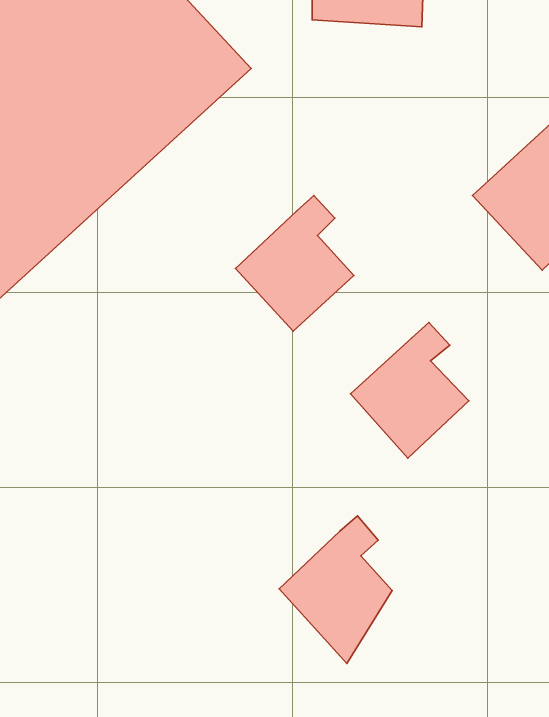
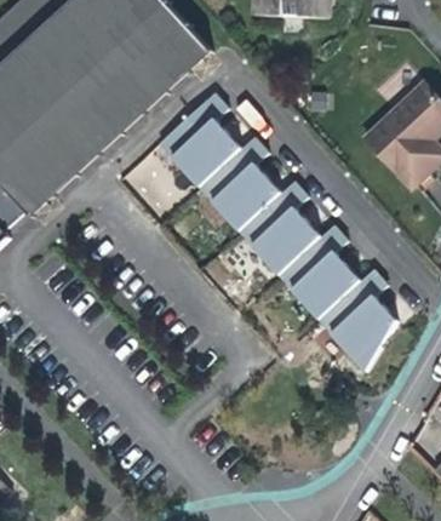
building: none -> [159,95,241,189]
building: none -> [239,183,321,276]
building: [279,516,392,664] -> [319,270,397,373]

